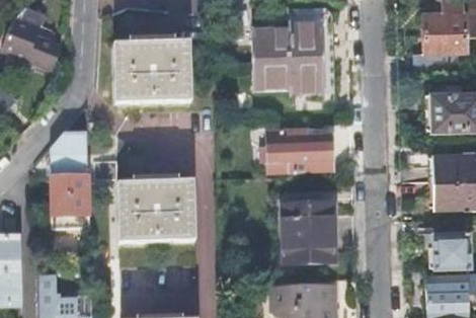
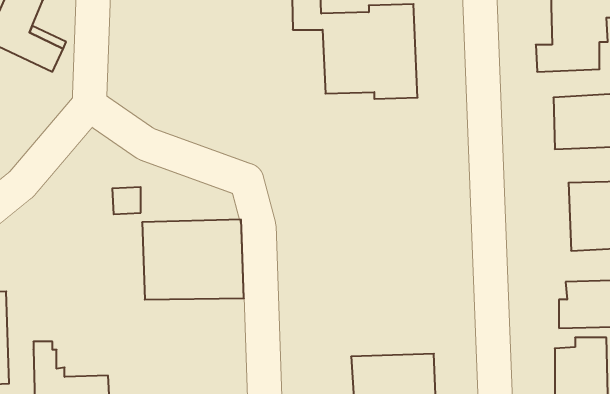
building: [114,41,190,103] -> none
building: [267,129,331,171] -> none
building: [50,132,91,216] -> none
building: [284,205,335,263] -> none

